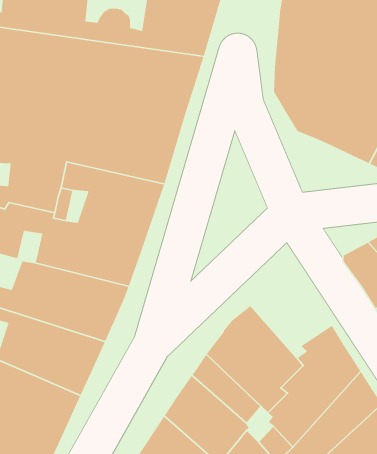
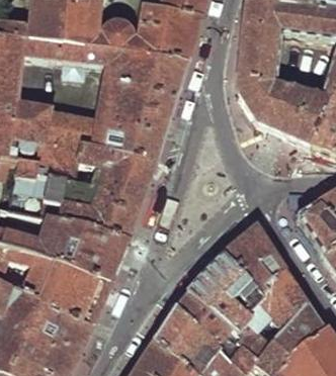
building: none -> [224,222,286,291]

